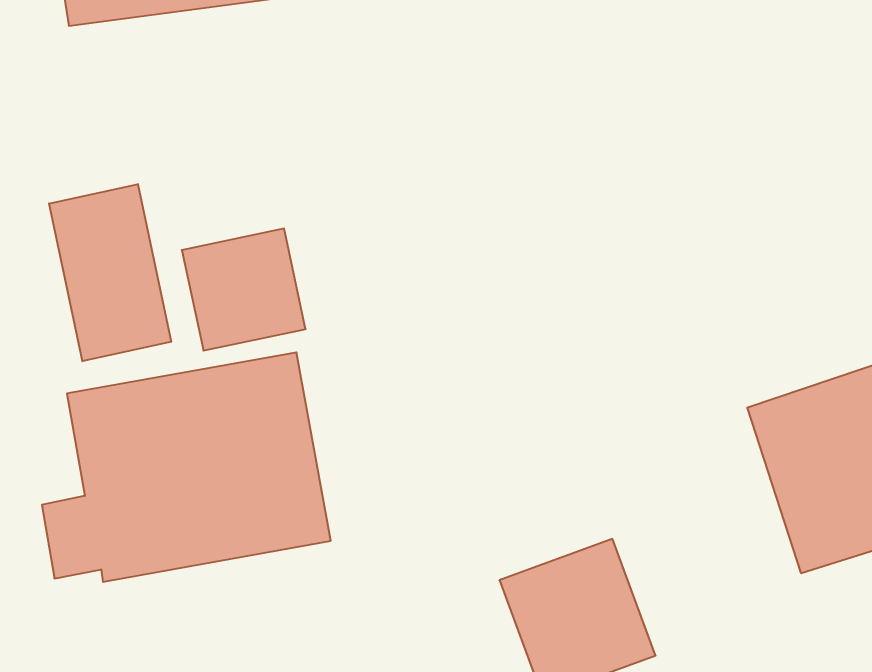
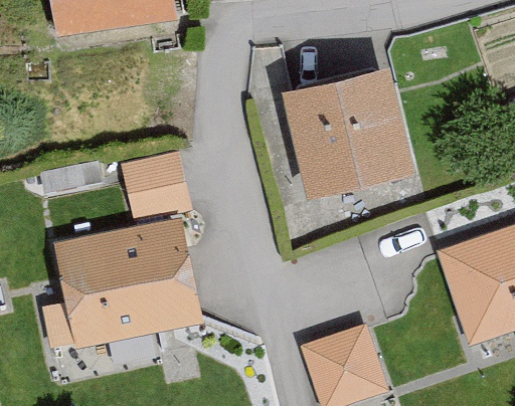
building: none -> [285,67,412,197]
building: [49,184,171,361] -> none

